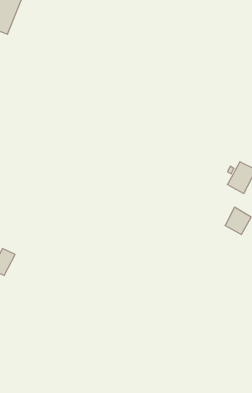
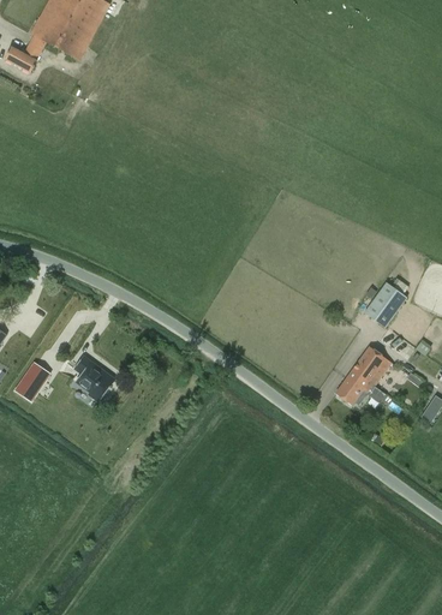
building: none -> [335,369,375,404]
building: none -> [74,356,113,398]

